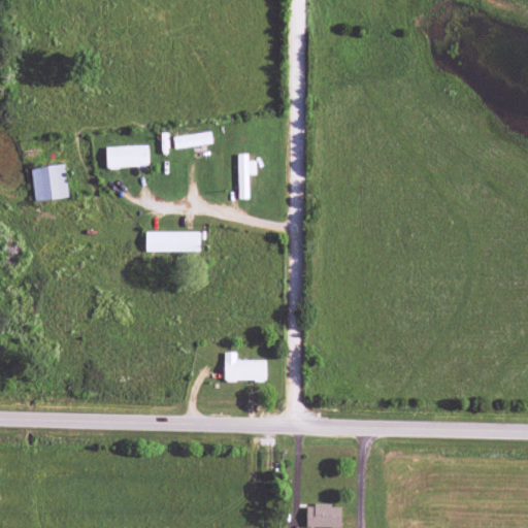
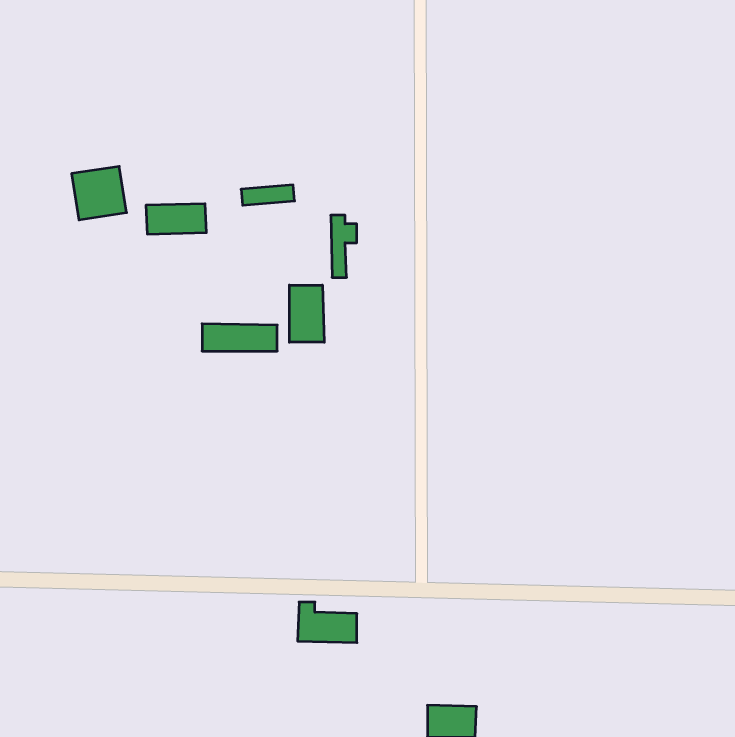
building: [31,163,70,201] -> [72,166,127,220]
building: none -> [289,285,324,342]
building: [225,352,267,381] -> [298,602,357,643]

